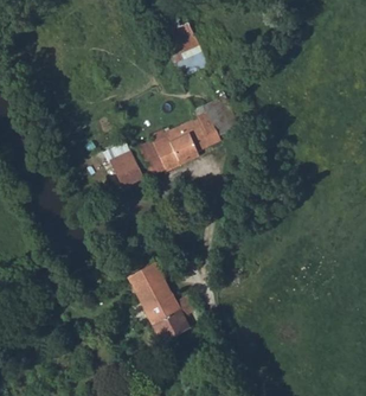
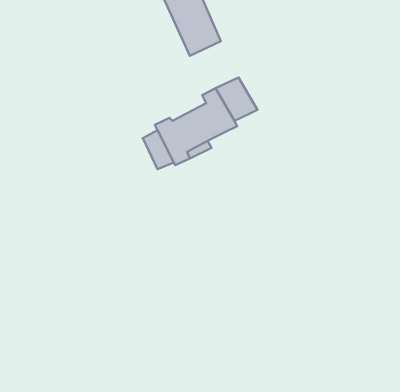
building: [110,151,143,186] -> none
building: [128,262,197,340] -> none

